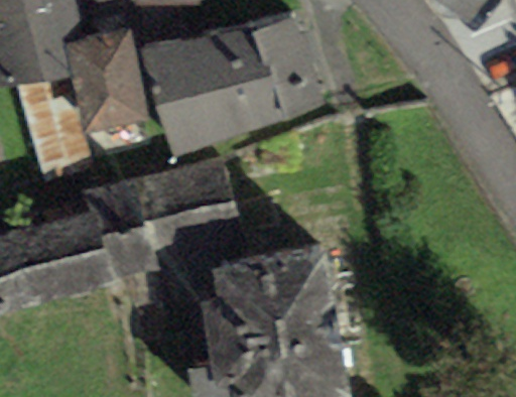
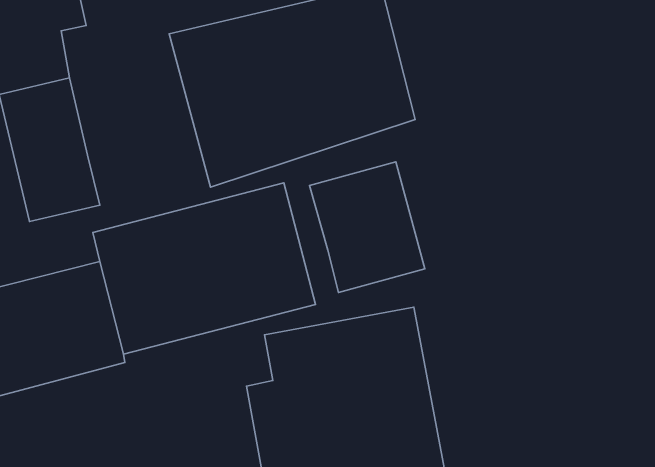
building: [63,29,147,134] -> none
building: none -> [310,162,425,292]

